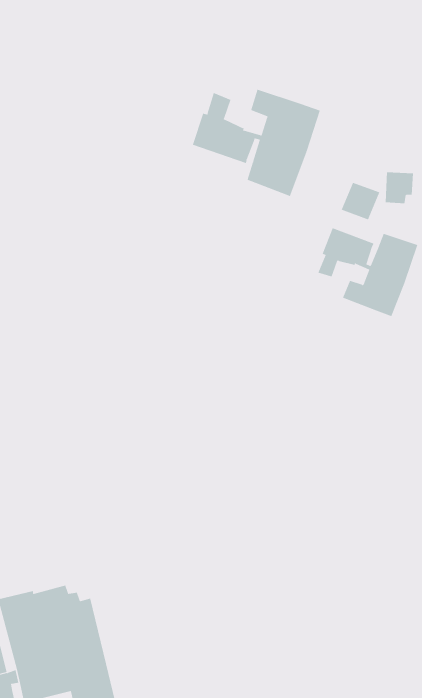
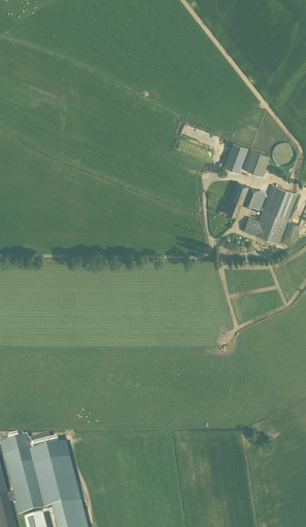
building: [192,89,321,197] -> none
building: none -> [224,143,248,173]

